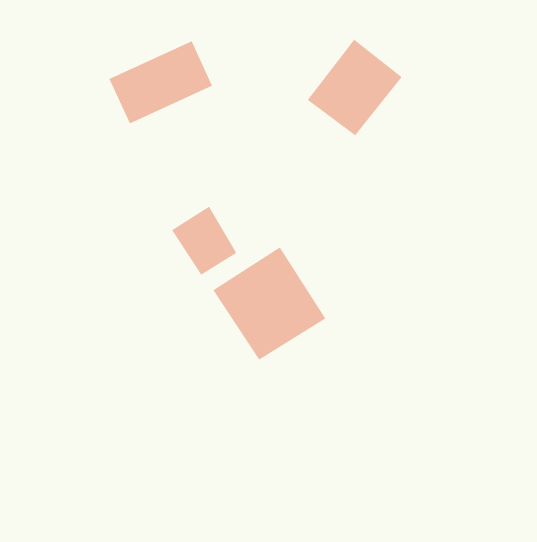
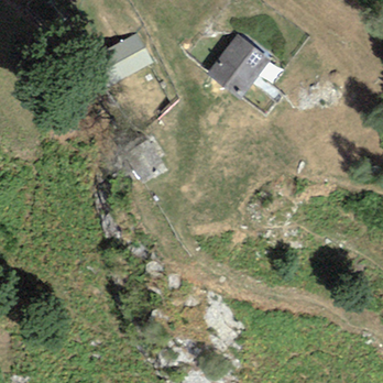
building: [213,246,326,360] -> none

